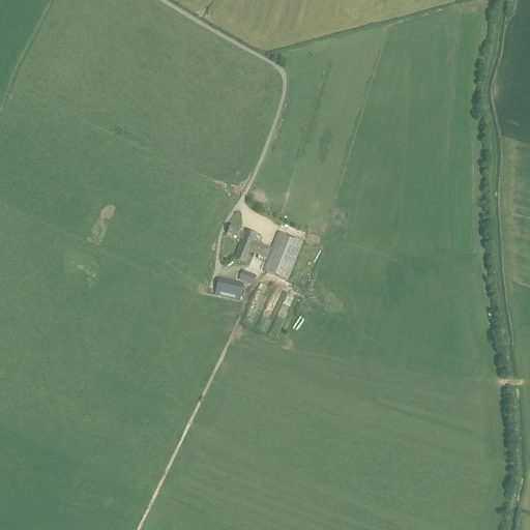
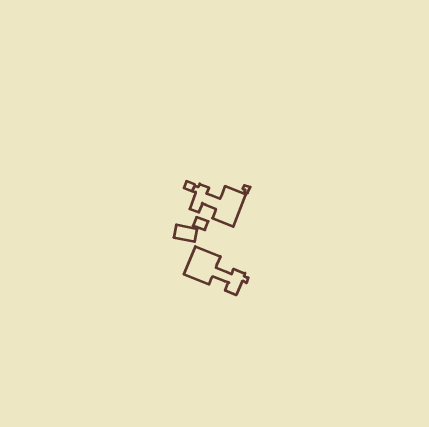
building: none -> [184,246,248,295]

